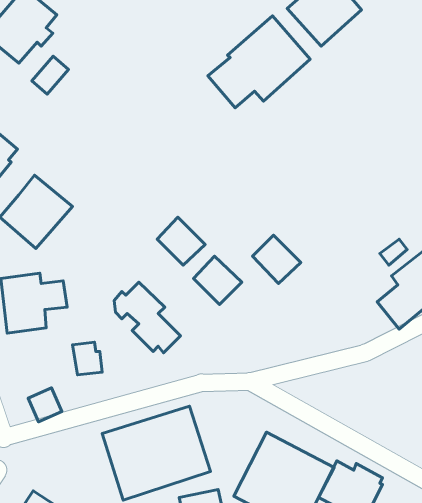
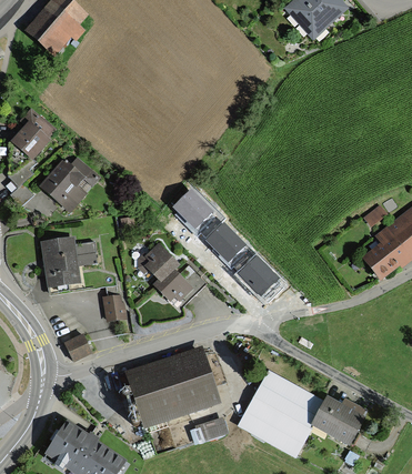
building: [208,16,310,108] -> none
building: [32,56,68,94] -> none
building: [253,235,301,284] -> [238,254,279,295]

